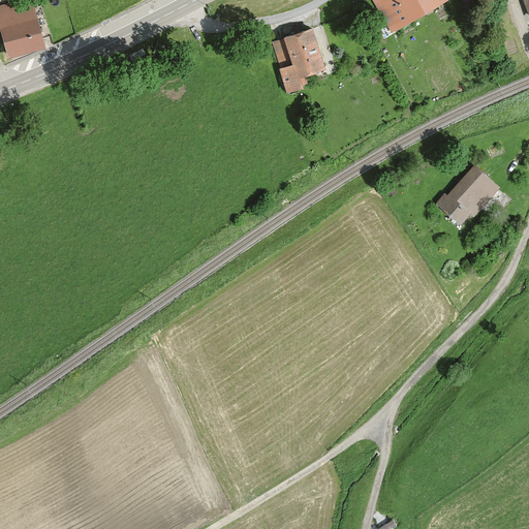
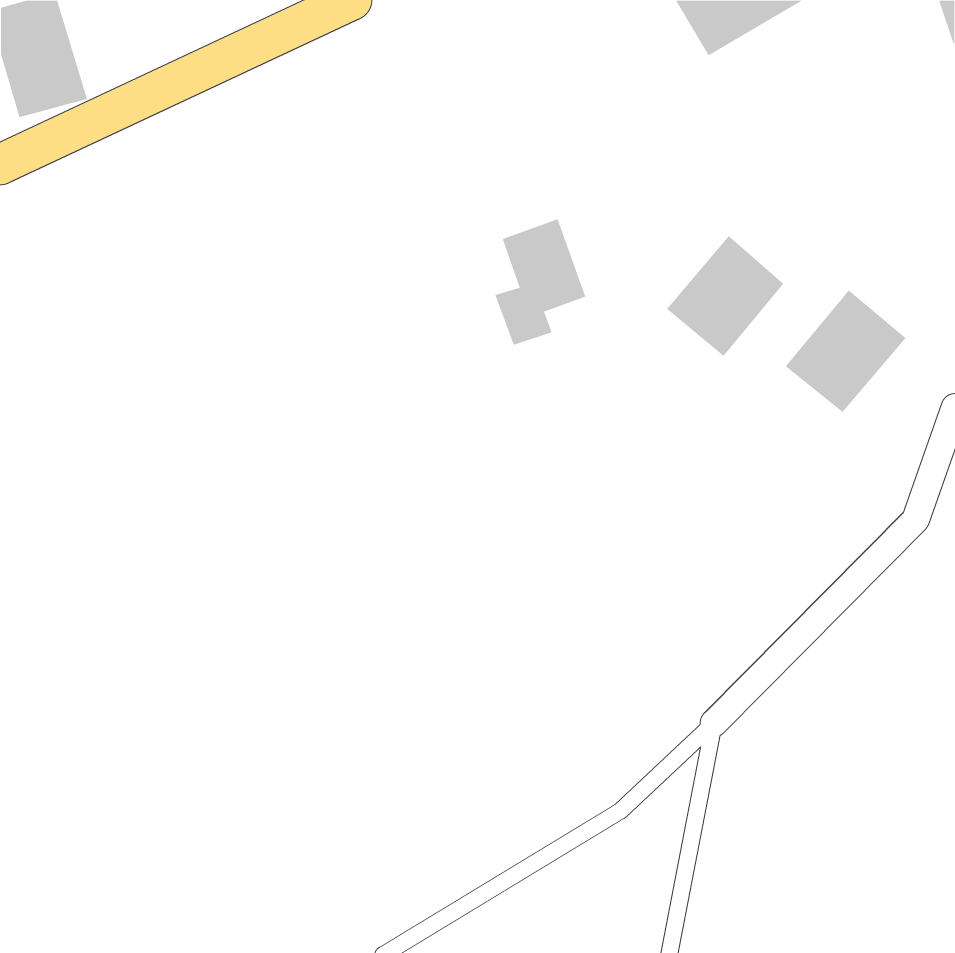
building: [274,23,324,93] -> [494,218,586,345]
building: none -> [666,235,784,357]

